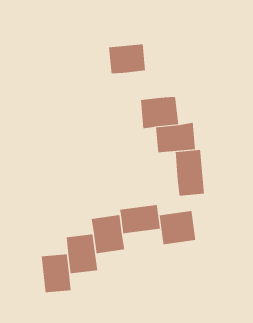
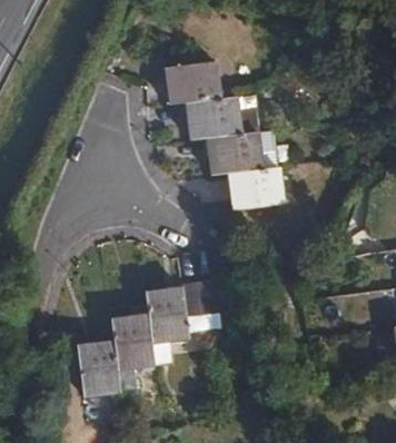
building: none -> [192,95,245,137]
building: [175,149,205,197] -> none
building: [159,210,196,245] -> none

